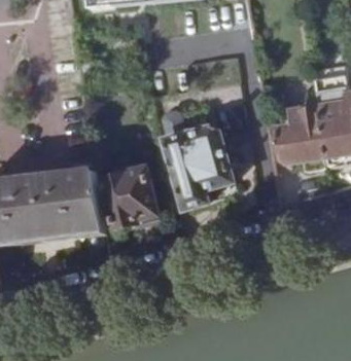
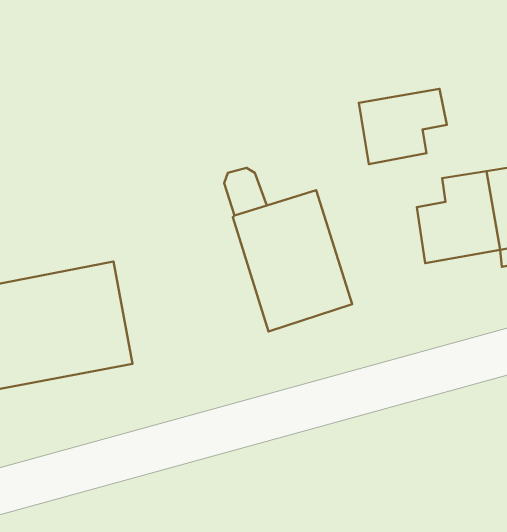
building: none -> [359,89,447,164]
building: [106,167,160,225] -> none

